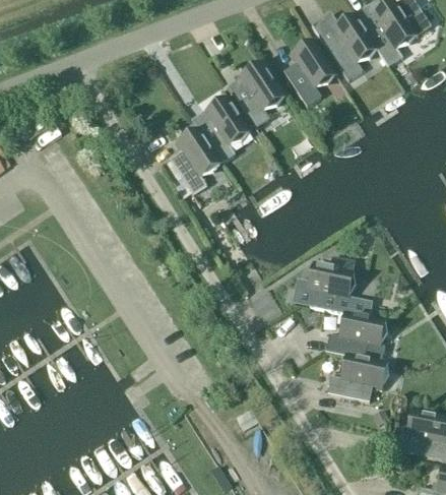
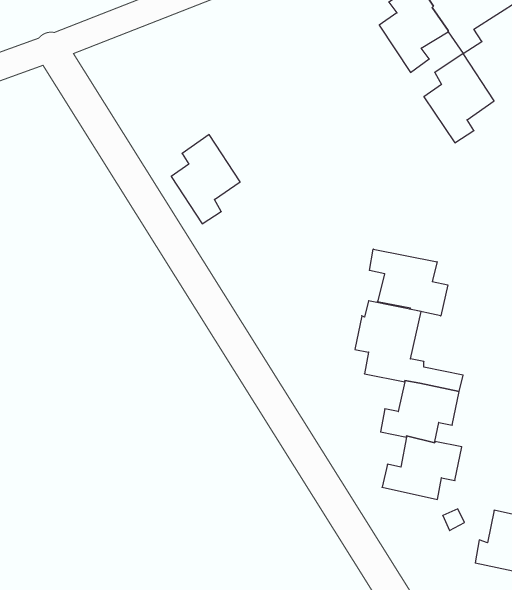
building: [282,39,335,106] -> [424,54,494,143]
building: [231,61,283,128] -> none
building: [196,96,249,163] -> none
building: none -> [369,249,448,316]

